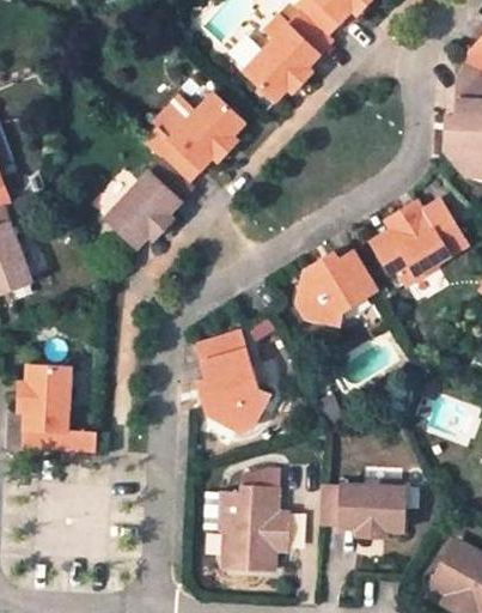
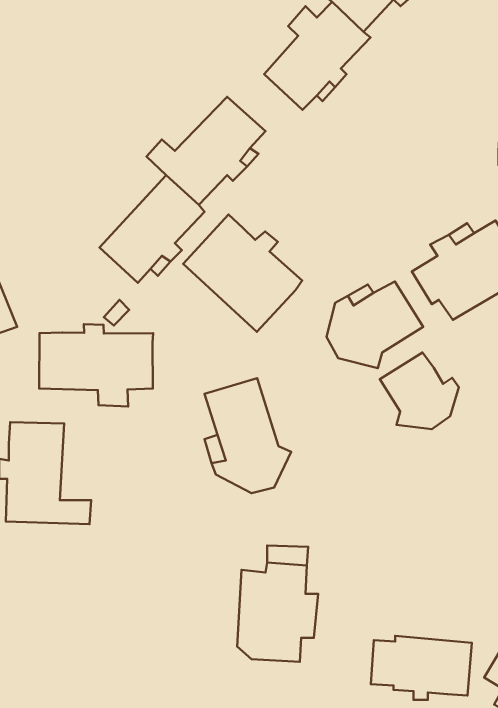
building: none -> [183,214,302,332]
building: none -> [39,324,153,406]
building: none -> [380,353,459,429]
building: [321,478,405,532] -> [371,636,472,700]

